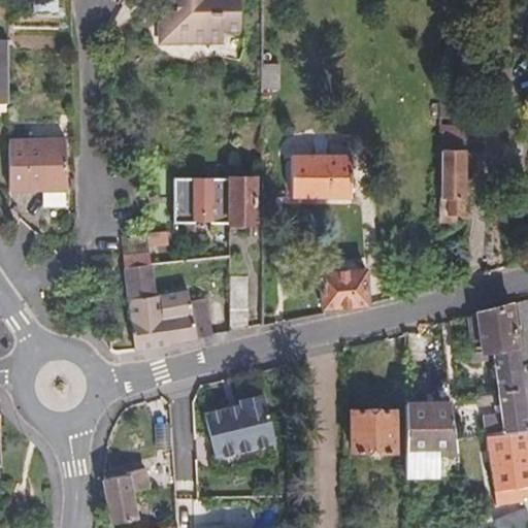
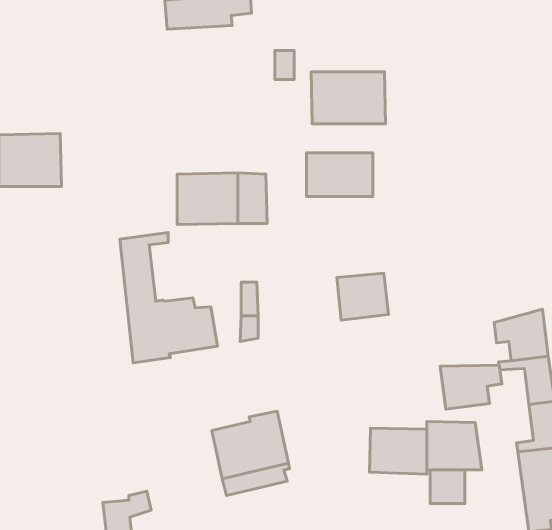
building: none -> [311,72,386,124]
building: [443,148,476,219] -> none
building: none -> [440,365,502,409]

